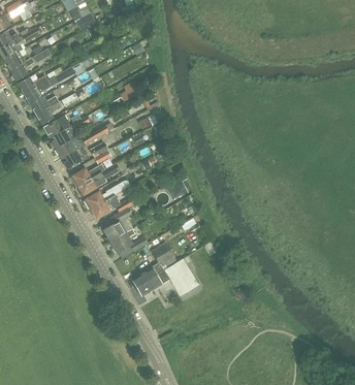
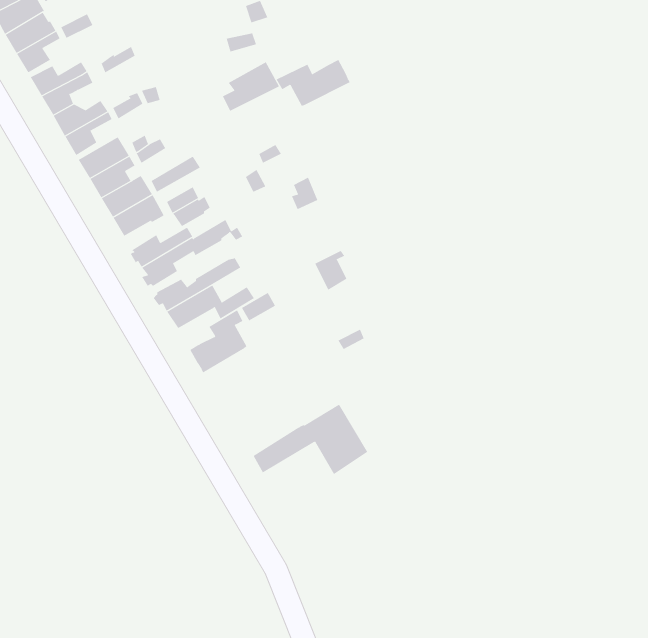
building: none -> [276,59,351,106]
building: [109,228,148,253] -> none
building: [131,242,174,286] -> none

